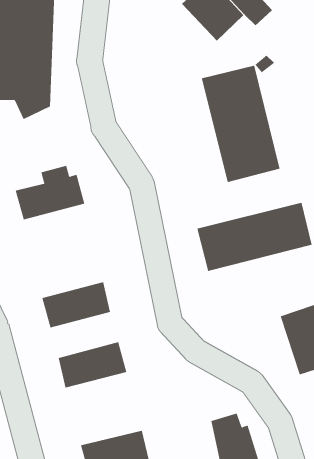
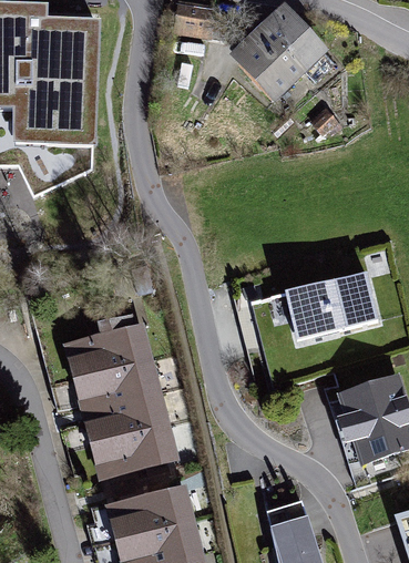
building: [201,65,280,183] -> none
building: [15,165,85,220] -> [73,315,150,375]
building: none -> [91,390,166,440]
building: none -> [115,485,192,535]

